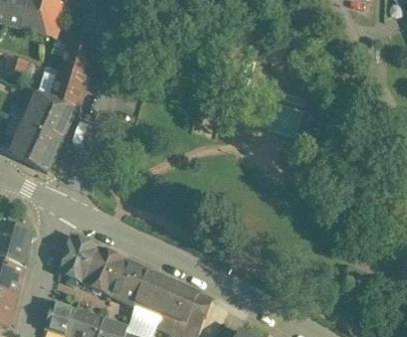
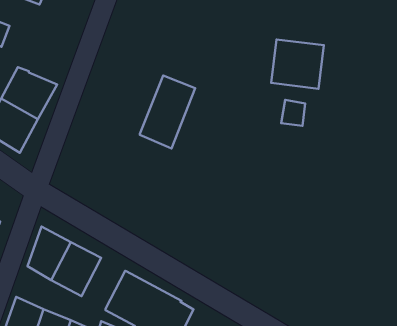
building: [48,43,94,108] -> [140,76,195,148]
building: none -> [271,39,324,89]
building: [110,259,147,305] -> none

